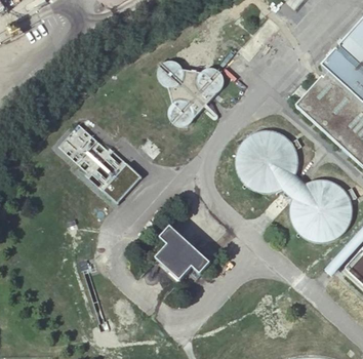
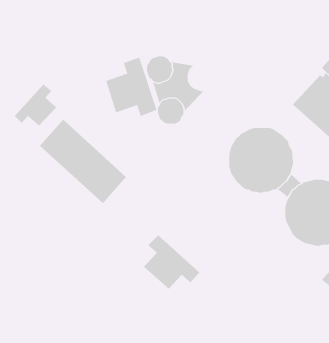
building: none -> [105,57,157,117]
building: [198,67,224,92] -> none
building: none -> [14,84,57,127]

